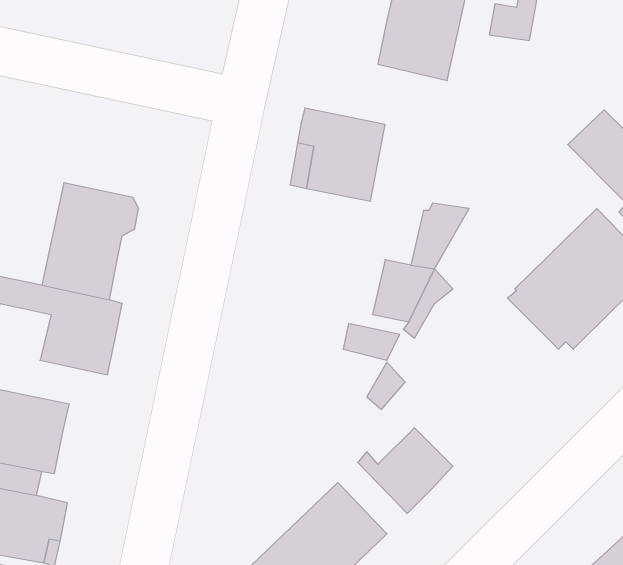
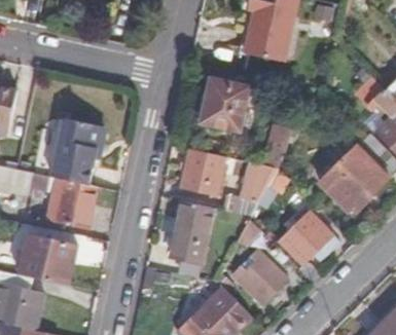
building: none -> [179,150,221,194]
building: none -> [169,201,212,264]
building: none -> [278,212,338,284]

